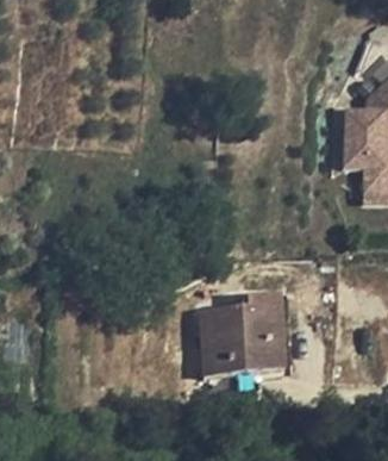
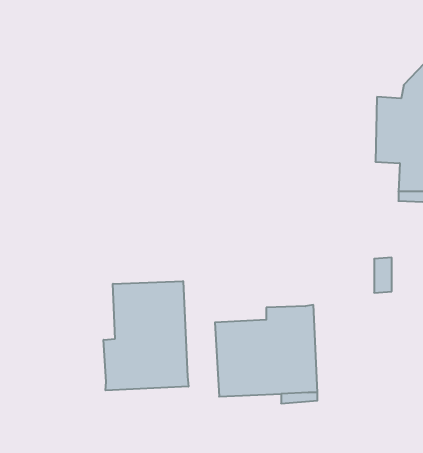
building: none -> [104,281,188,390]

